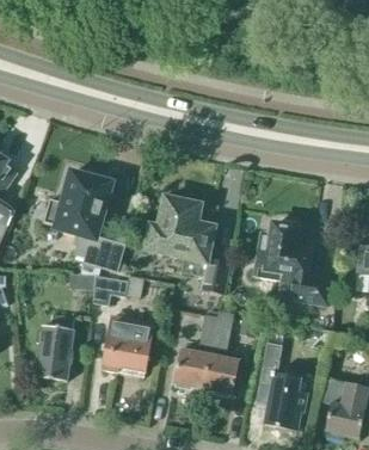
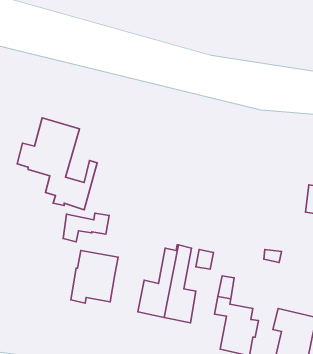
building: [146,195,229,294] -> none
building: [256,220,316,302] -> none
building: [36,314,74,382] -> none

